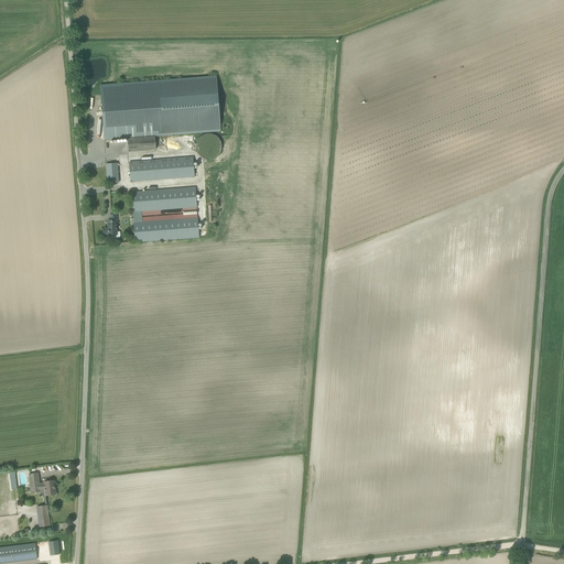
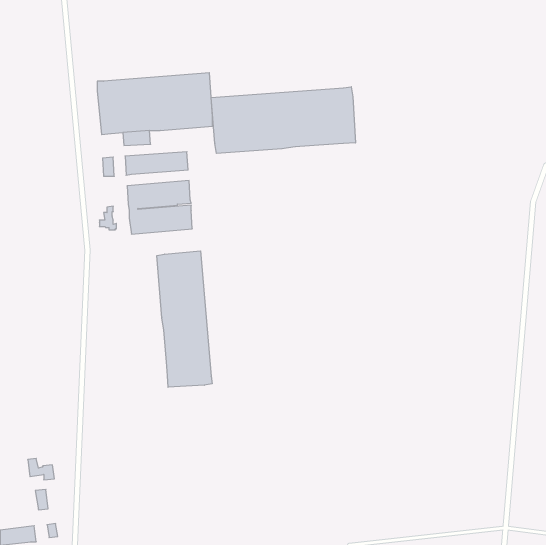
building: none -> [211,87,355,153]
building: none -> [157,251,212,387]

